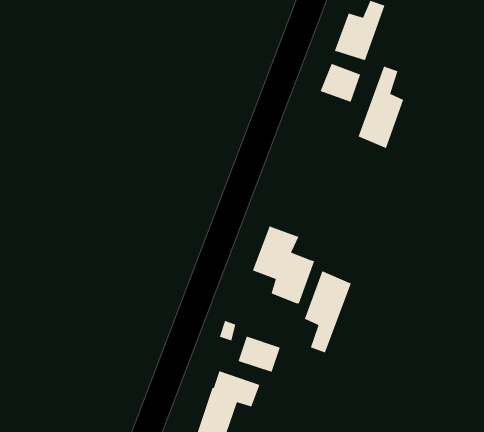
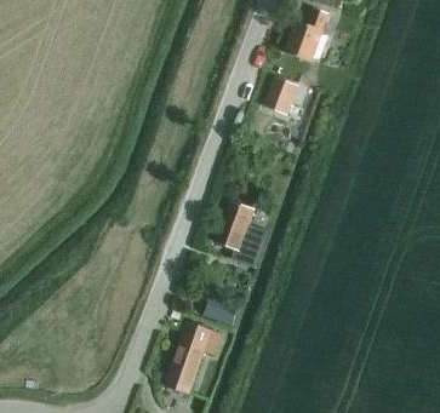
building: [357,66,404,149] -> none
building: [304,270,352,354] -> none

